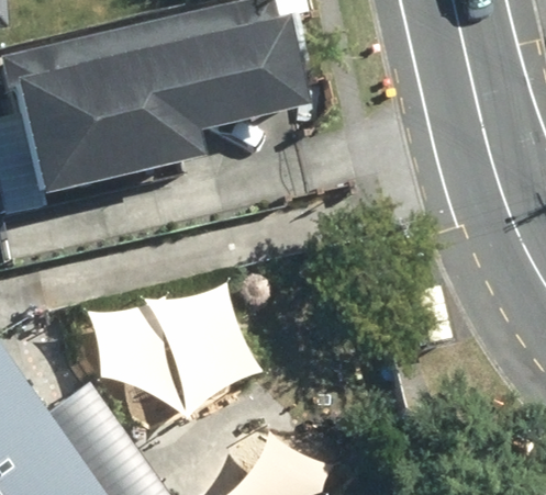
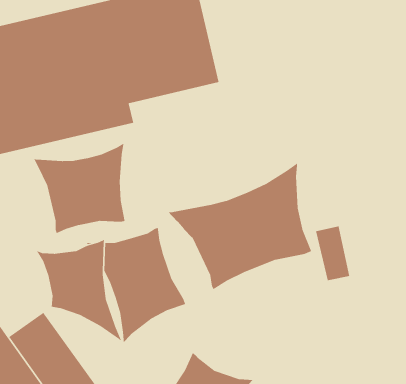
building: none -> [33,142,125,234]
building: none -> [167,162,312,290]

